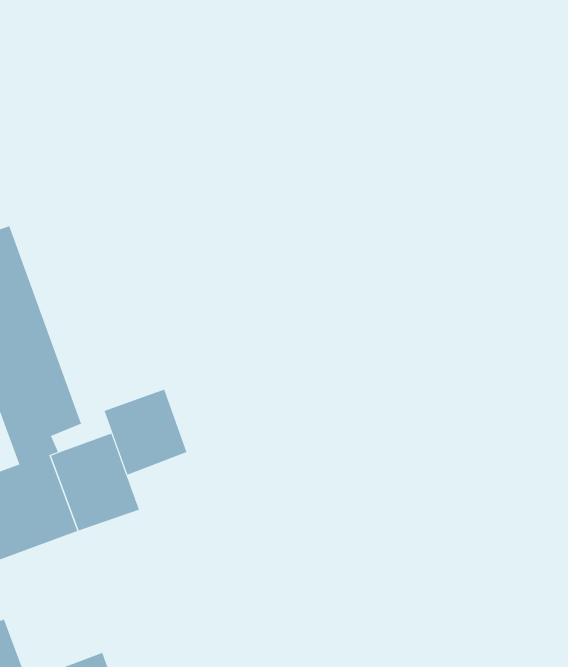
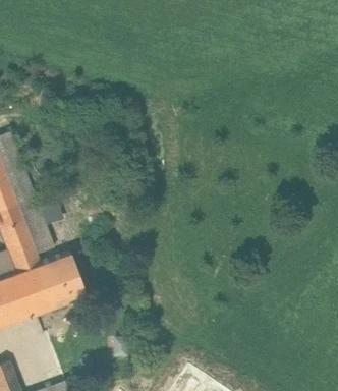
building: [104,389,187,475] -> none

